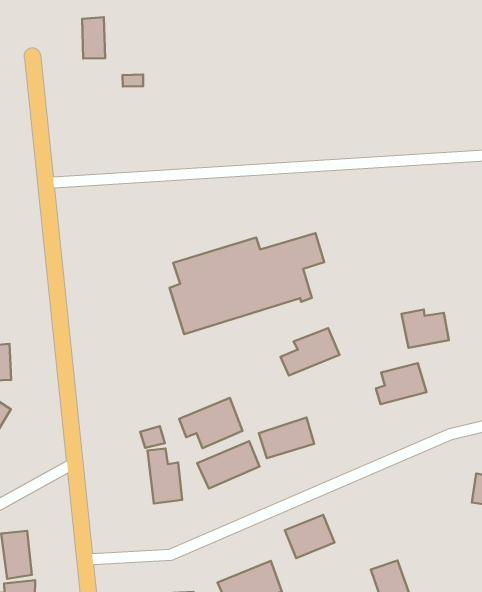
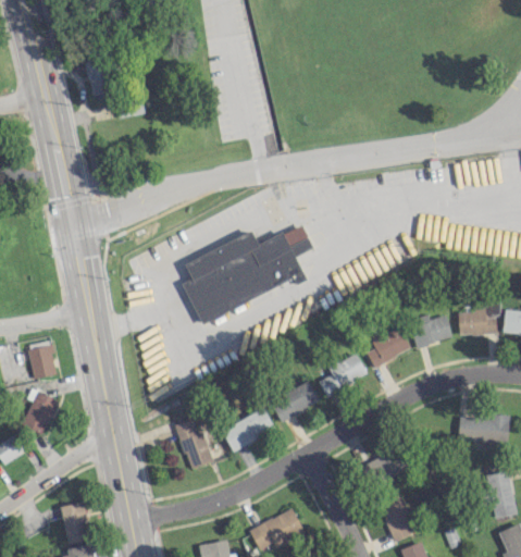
building: [402,310,449,348] -> [410,313,452,347]
building: [281,328,340,376] -> [319,352,369,396]
building: [179,398,243,448] -> none
building: [285,515,335,558] -> [363,448,407,487]

